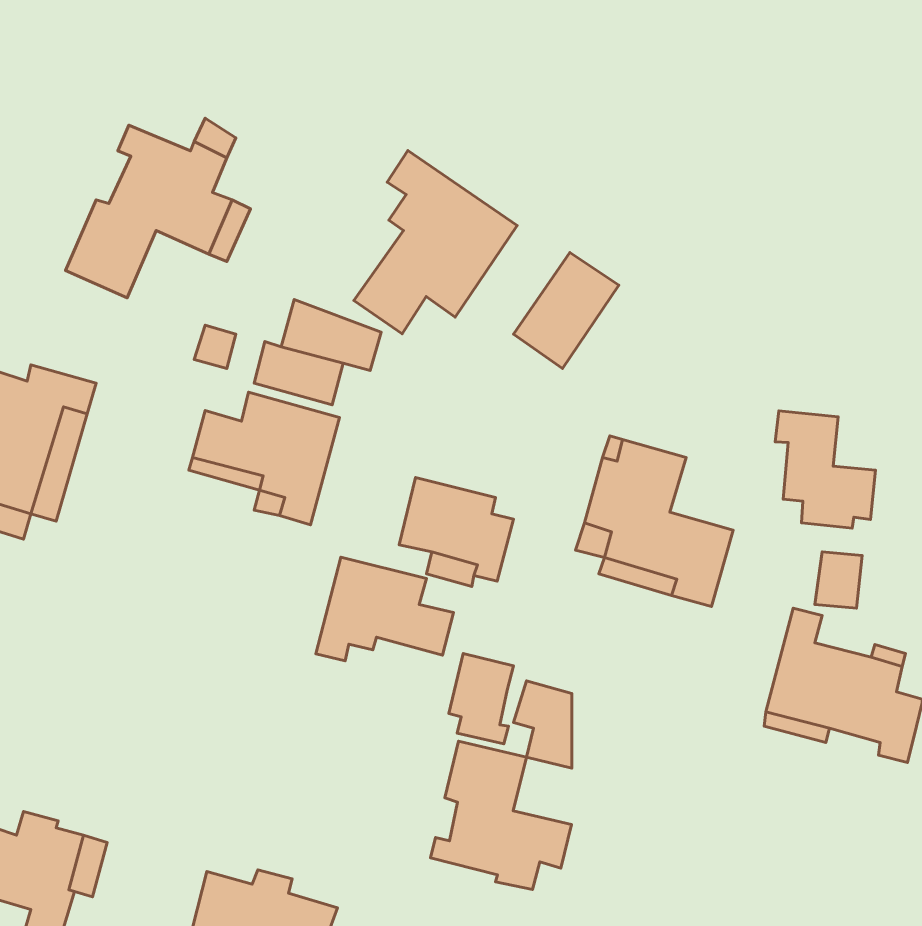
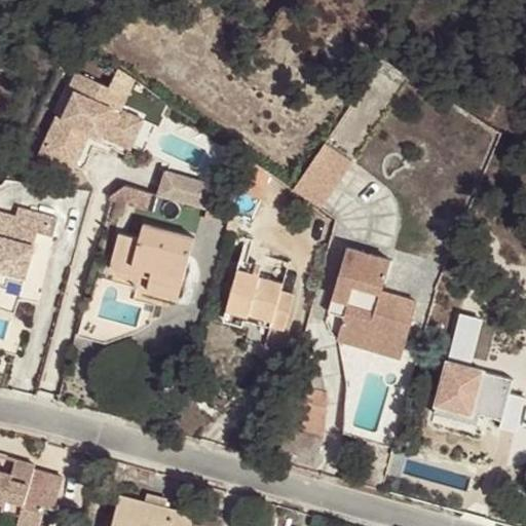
building: [354,151,517,334] -> none
building: [775,411,876,528] -> none
building: [316,557,454,661] -> none
building: [449,653,514,744] -> none
building: [431,741,571,889] -> none

